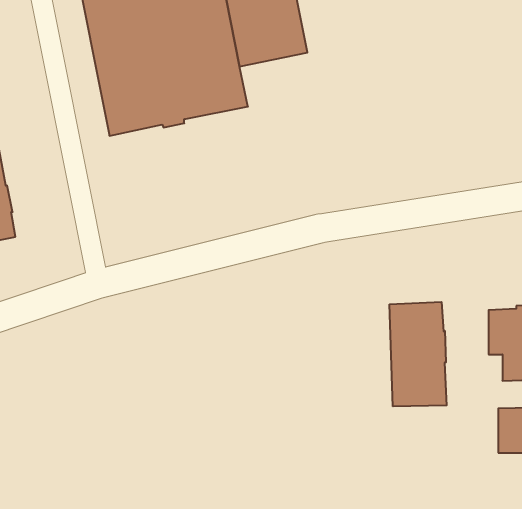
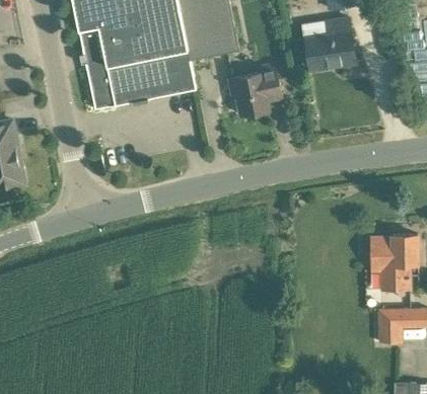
building: none -> [302,16,355,69]
building: none -> [228,65,282,115]
building: [390,302,447,406] -> none

